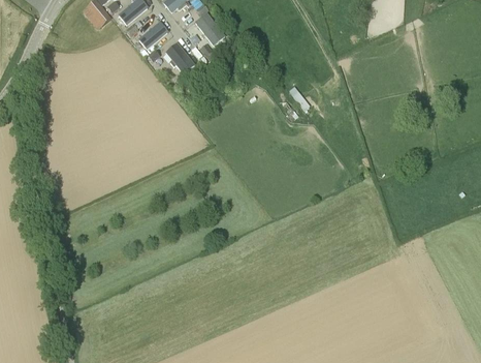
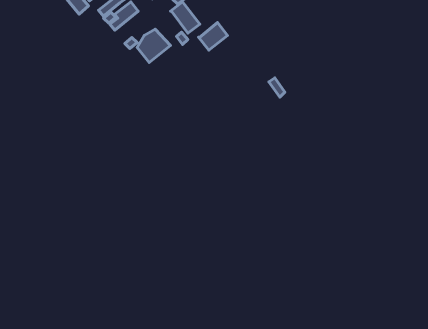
building: none -> [198,23,228,50]

